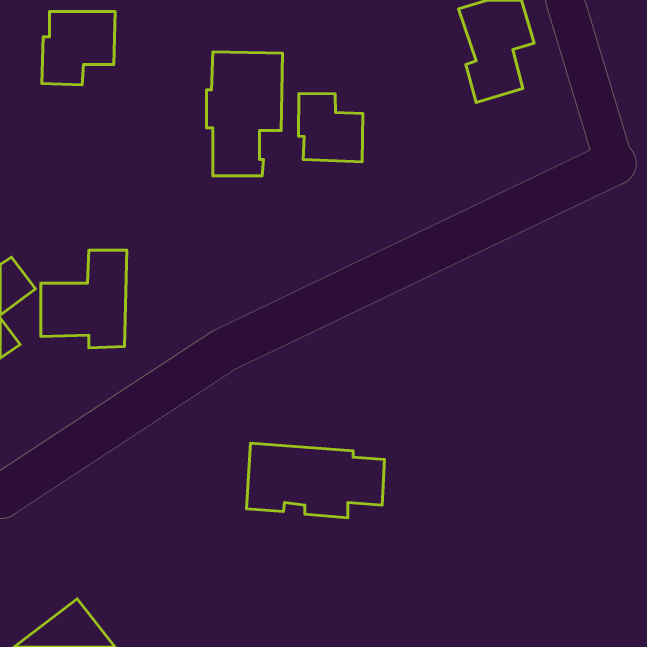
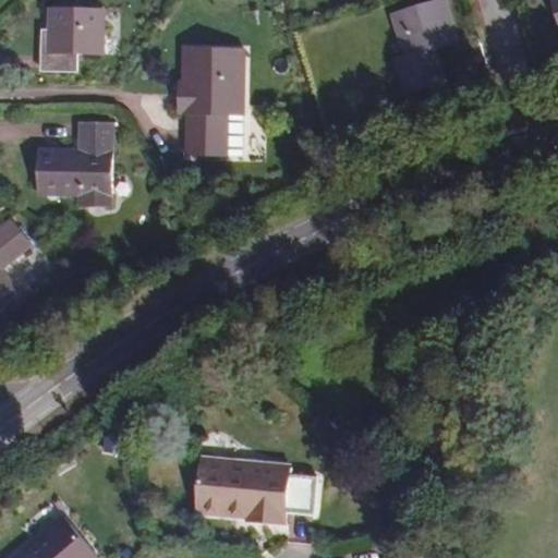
building: [298,94,363,162] -> none
building: [41,250,127,348] -> [39,122,113,206]
building: [247,443,385,518] -> [199,458,318,522]

